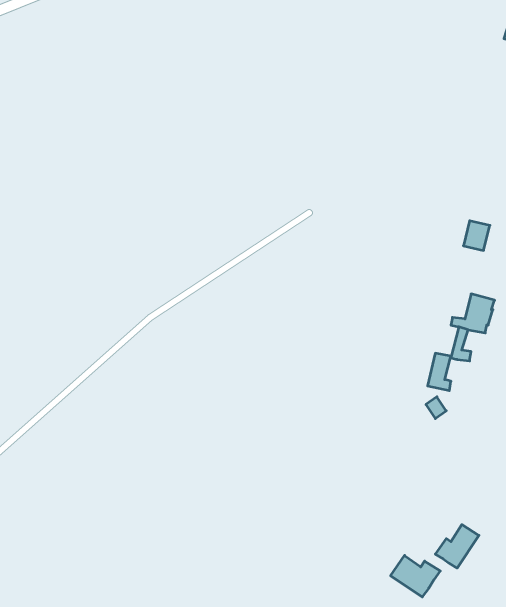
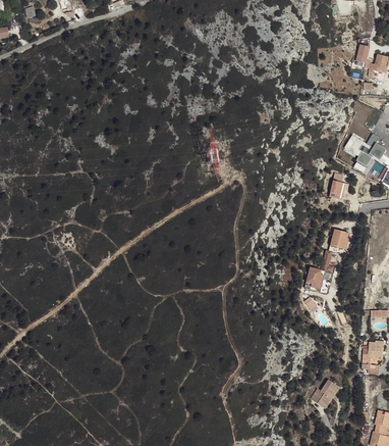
building: [391,555,440,597] -> none

